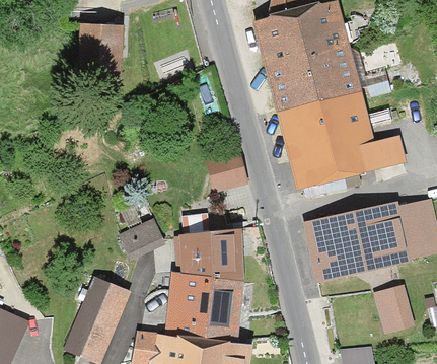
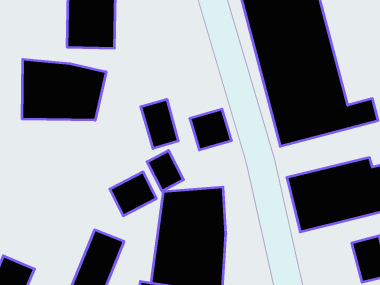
building: none -> [22,59,106,120]
building: none -> [141,99,178,149]
building: none -> [147,150,184,191]

